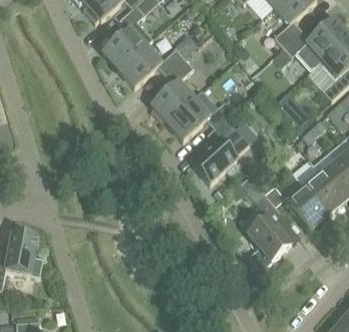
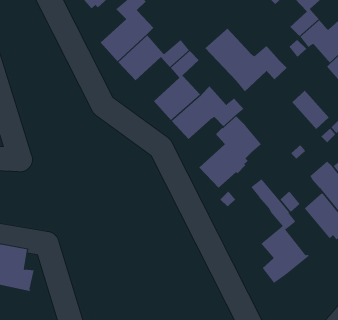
building: none -> [205,28,288,92]

